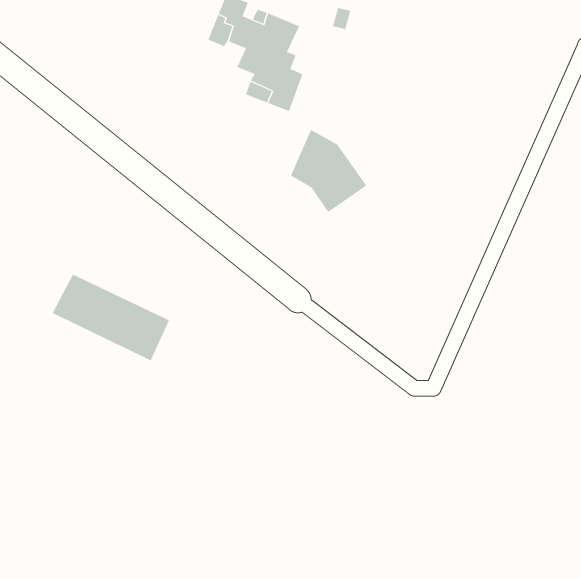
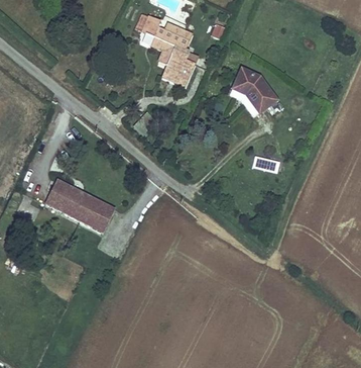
building: [290,129,367,213] -> [231,66,276,115]

